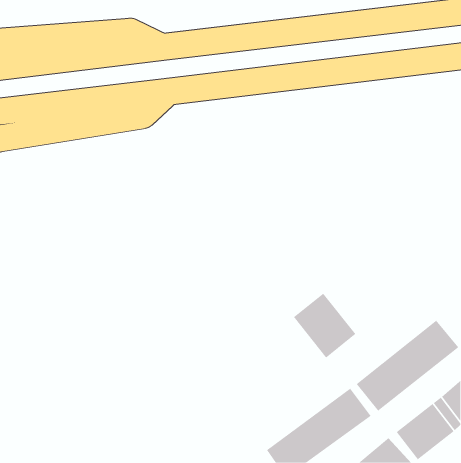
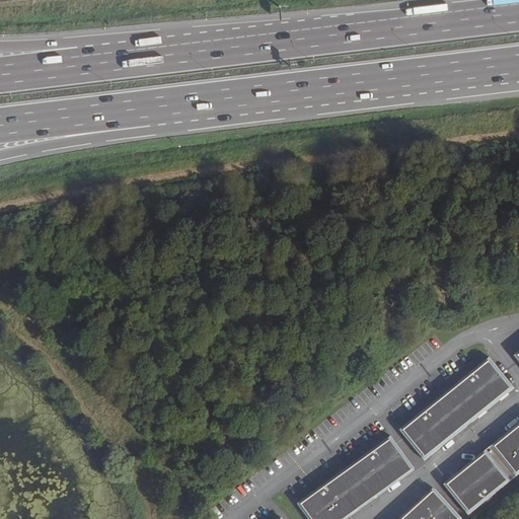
building: [293,293,356,358] -> none

